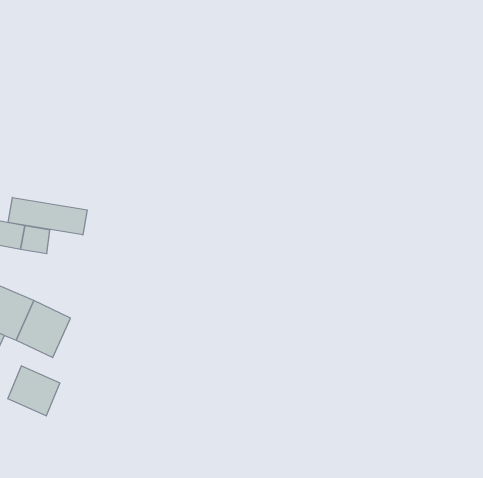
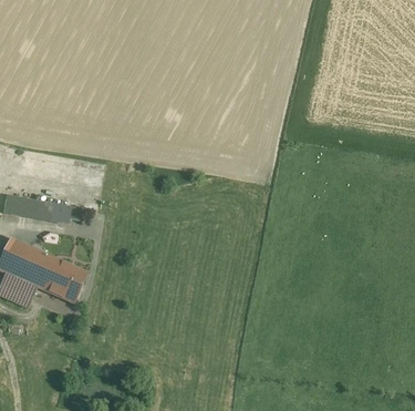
building: [8,197,87,235] -> none
building: [8,366,60,416] -> none

